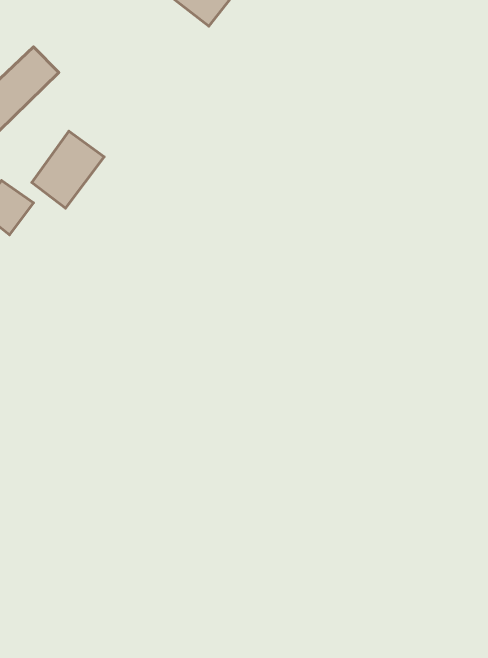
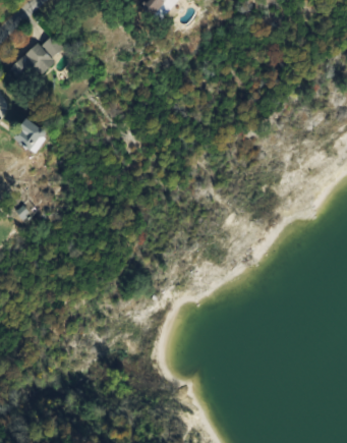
building: [32,131,104,208] -> none

